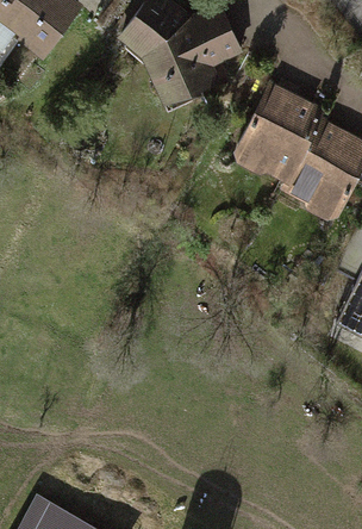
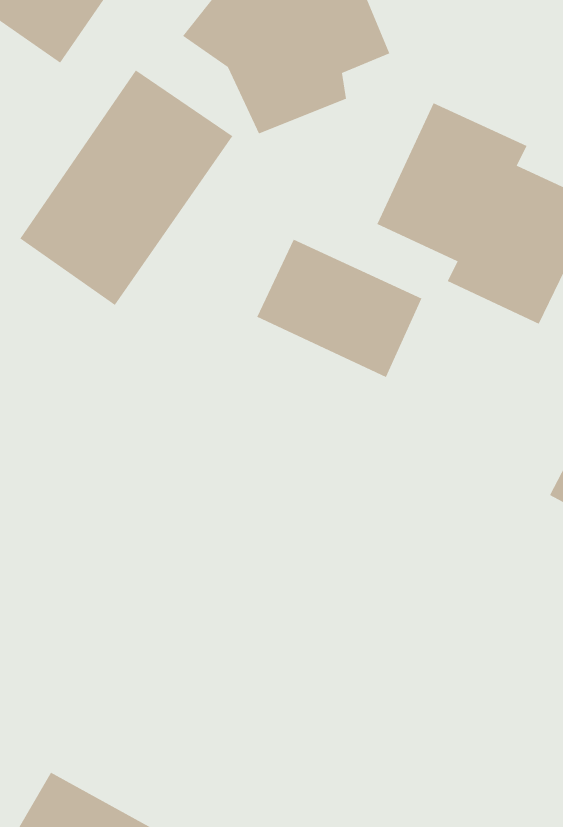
building: none -> [20,70,233,306]
building: none -> [256,239,422,378]

